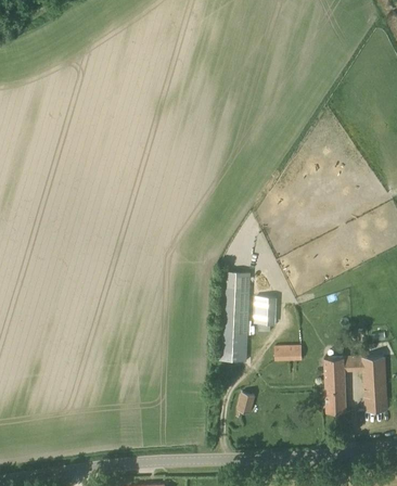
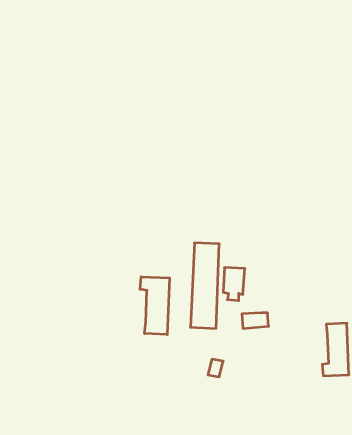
building: none -> [140,277,170,335]
building: [324,358,346,413] -> none

